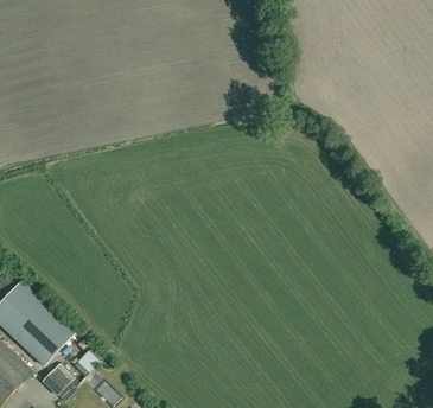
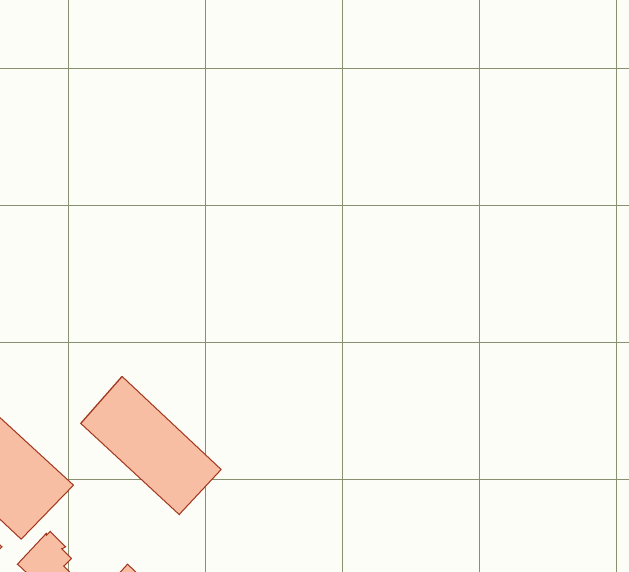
building: none -> [81,377,221,515]

